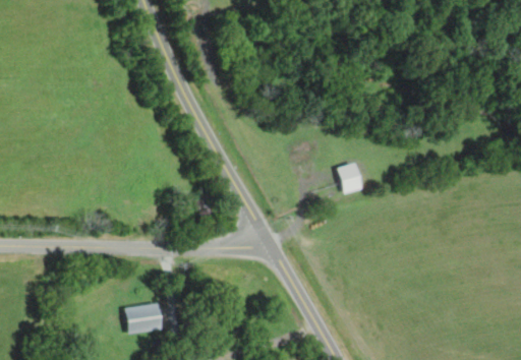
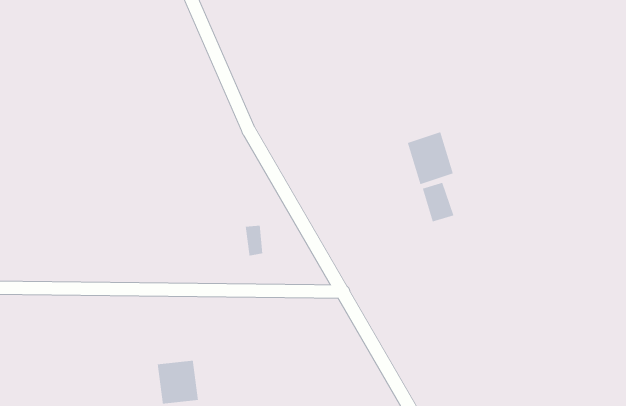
building: none -> [407,131,454,185]

